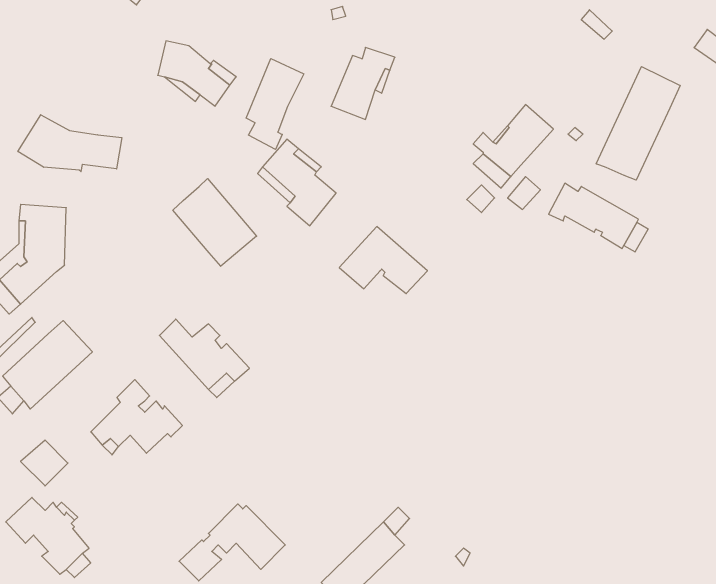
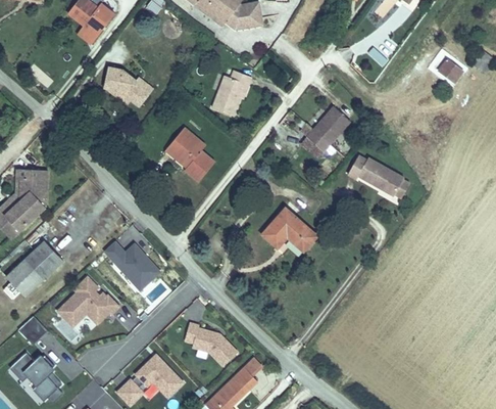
building: [246,59,304,149] -> none
building: [596,67,680,180] -> none
building: [18,115,122,172] -> none
building: [173,179,257,266] -> none
building: [339,227,427,294] -> [261,209,316,251]
building: none -> [184,322,237,365]

